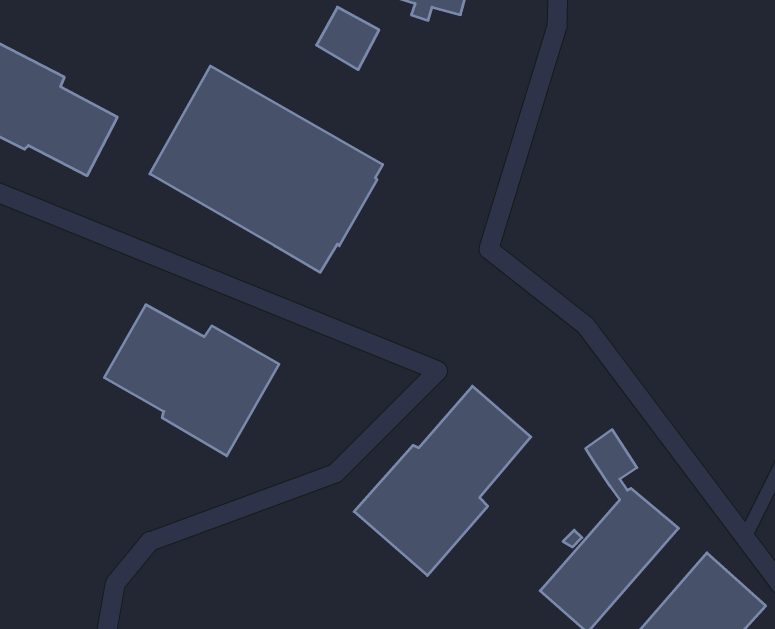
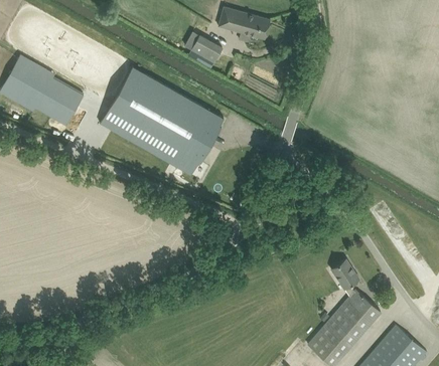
building: [104,305,279,456] -> none
building: [354,386,531,576] -> none

